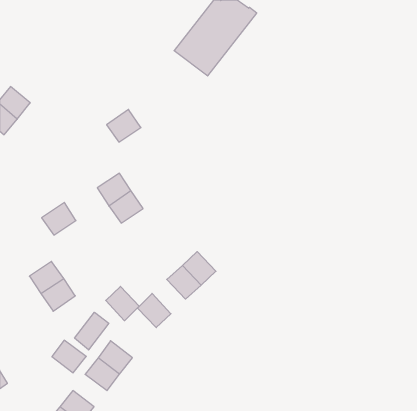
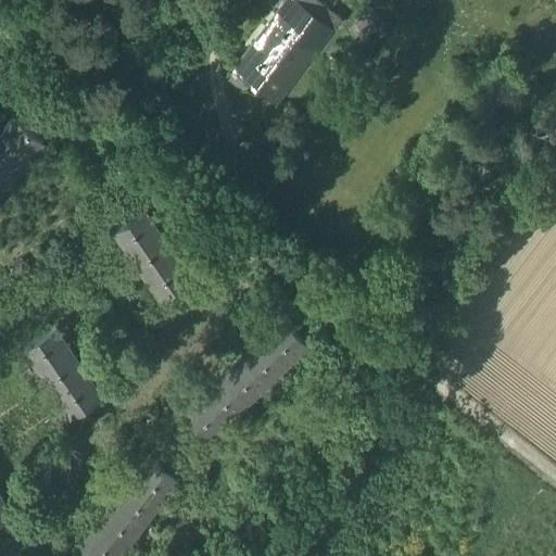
building: [107,109,141,142] -> [113,215,159,258]
building: [42,202,76,235] -> [23,332,68,376]
building: none -> [262,324,306,369]
building: [106,286,139,321] -> [202,380,247,426]
building: [75,312,109,350] -> none
building: [52,340,86,373] -> [97,506,142,549]

